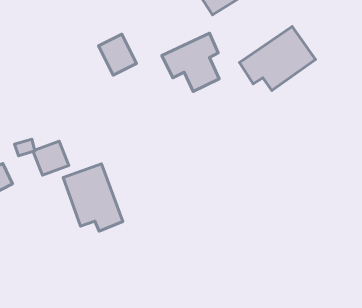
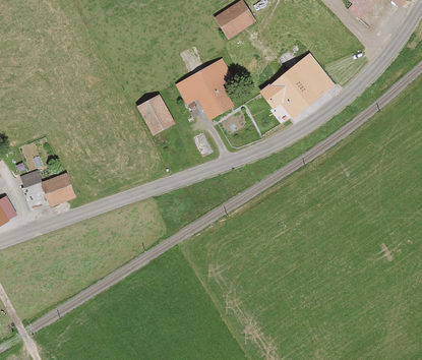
building: [99,34,136,75] -> [135,94,175,136]
building: [63,164,123,231] -> none

